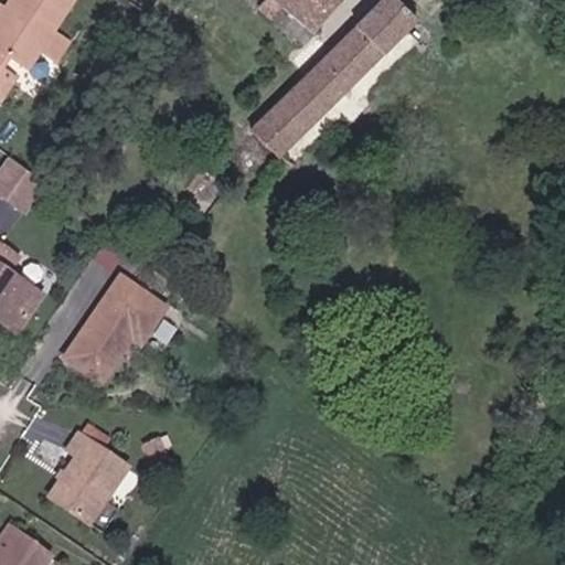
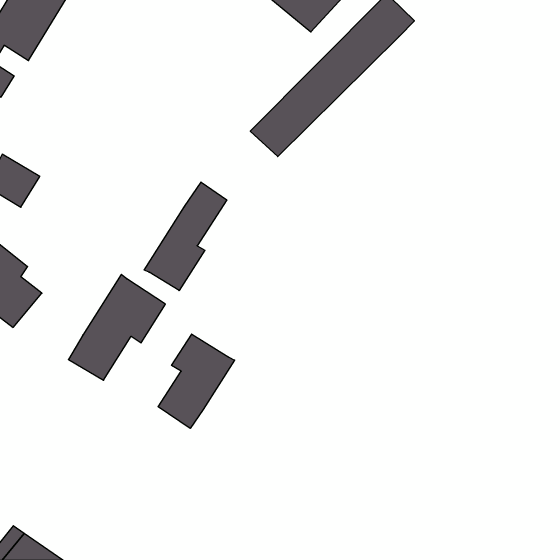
building: none -> [144,182,227,291]
building: none -> [158,334,235,428]
building: [49,440,124,527] -> none

